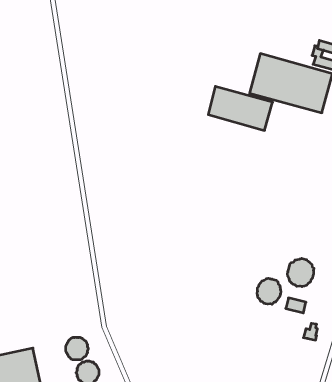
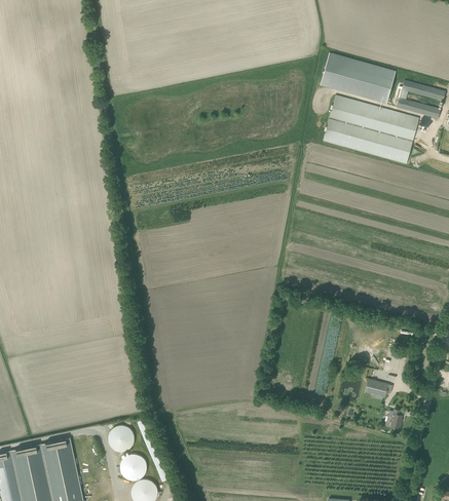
building: [208,86,273,130] -> [321,52,396,104]
building: [287,258,314,287] -> none
building: [257,278,281,304] -> none

